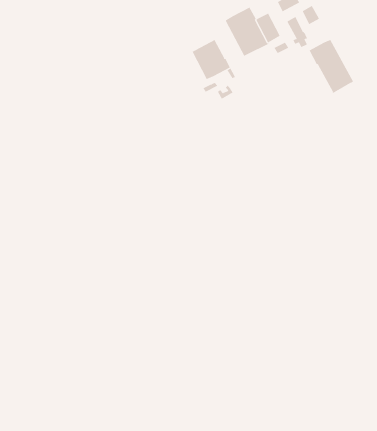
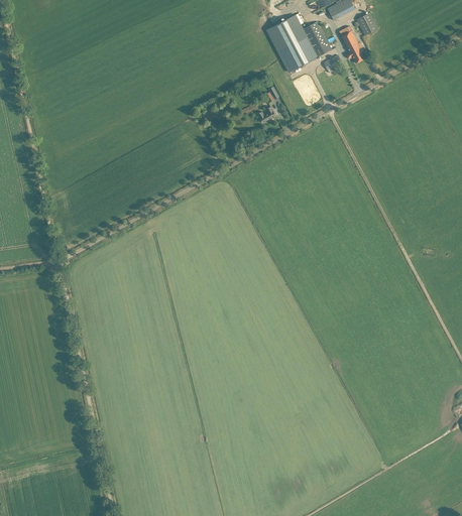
building: [192,39,231,80] -> none
building: [309,39,354,94] -> none

